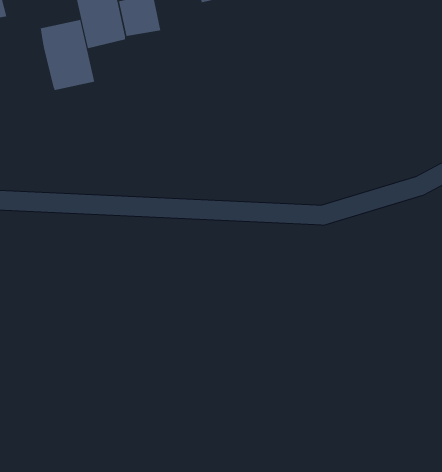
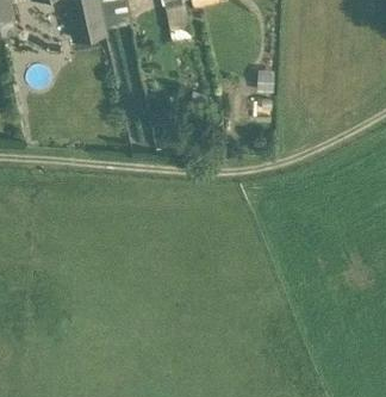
building: [40,19,95,91] -> none

